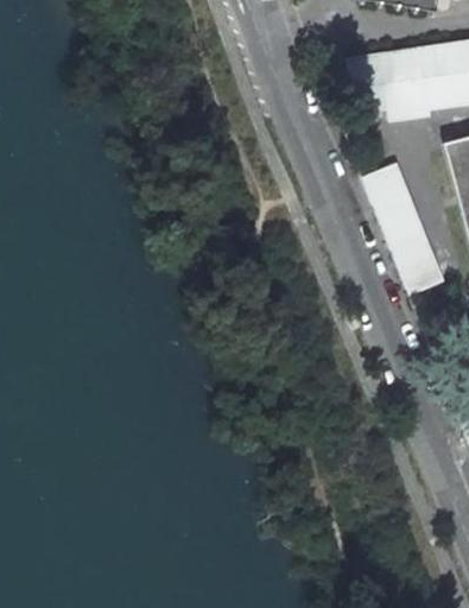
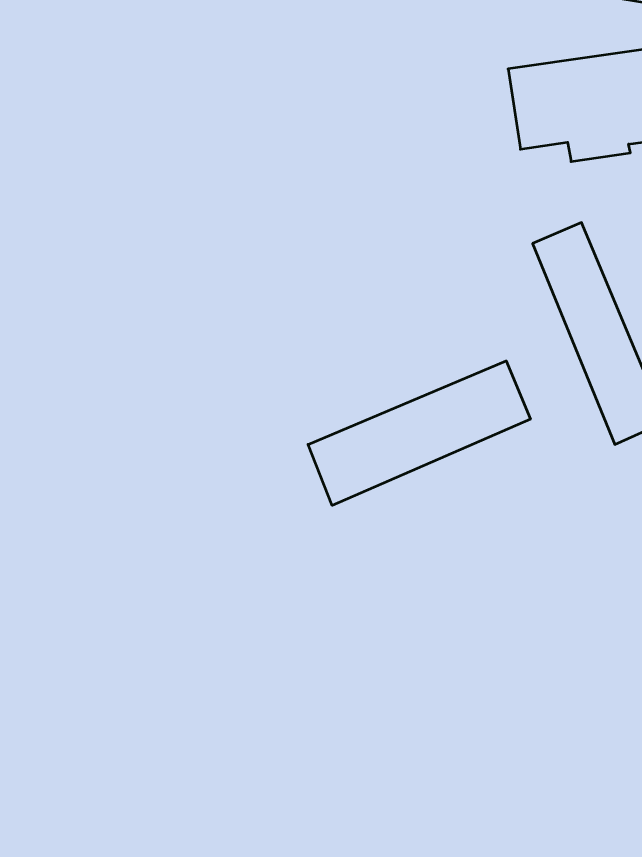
building: none -> [308,361,530,505]

